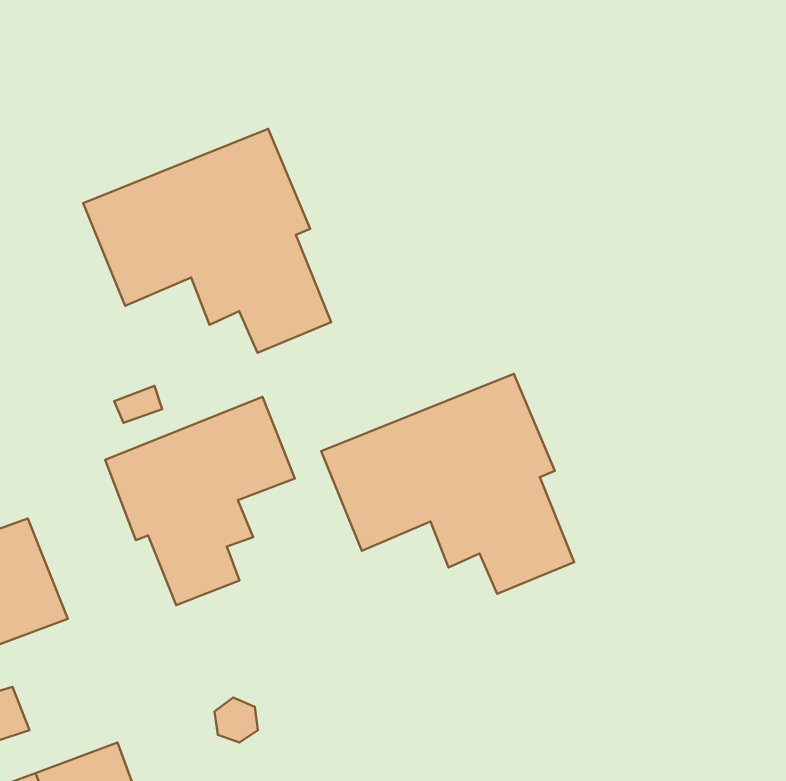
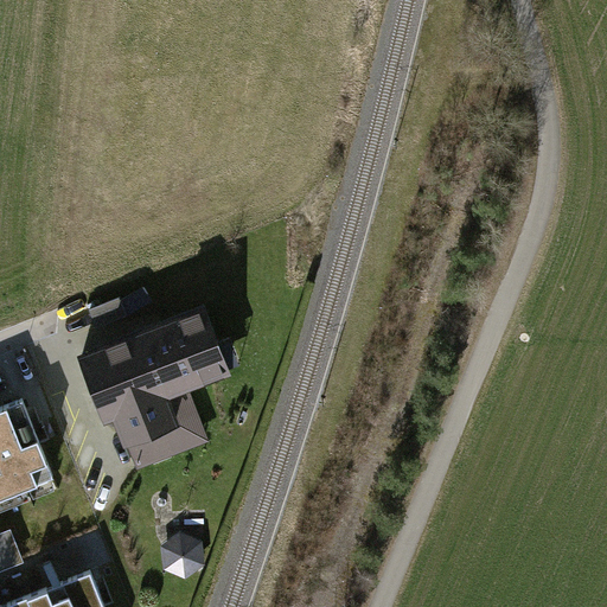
building: [83,129,331,353] -> none
building: [321,374,574,594] -> none

